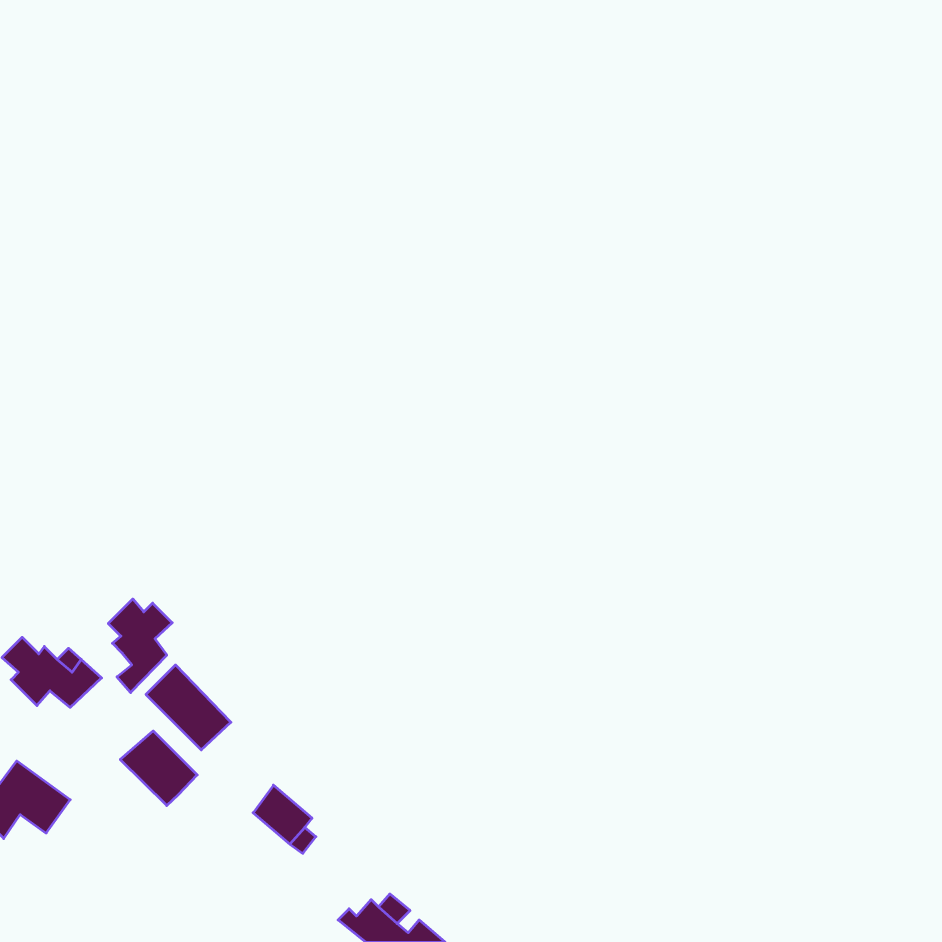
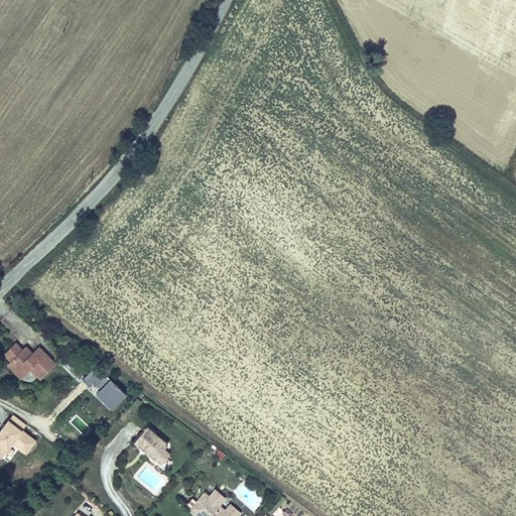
building: [108,599,172,693] -> none
building: [120,731,197,806] -> none

